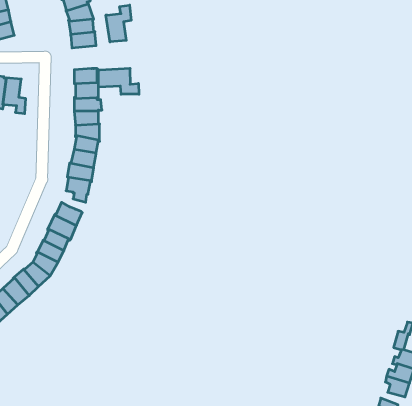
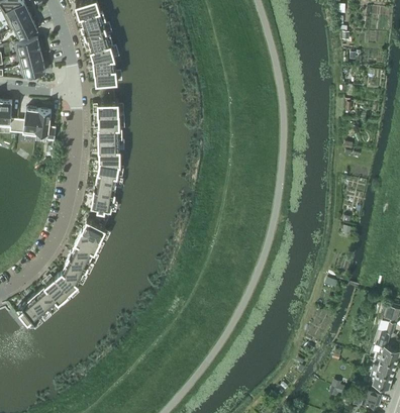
building: [106,5,131,42] -> none
building: [98,68,139,94] -> none

